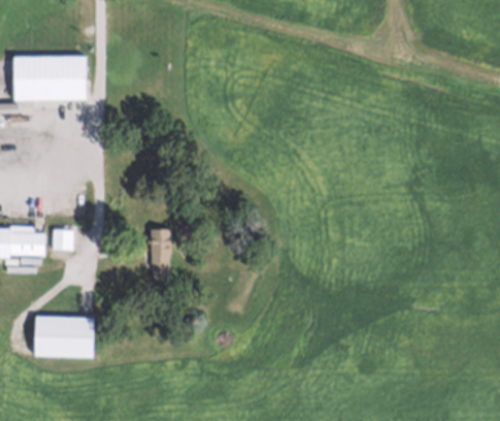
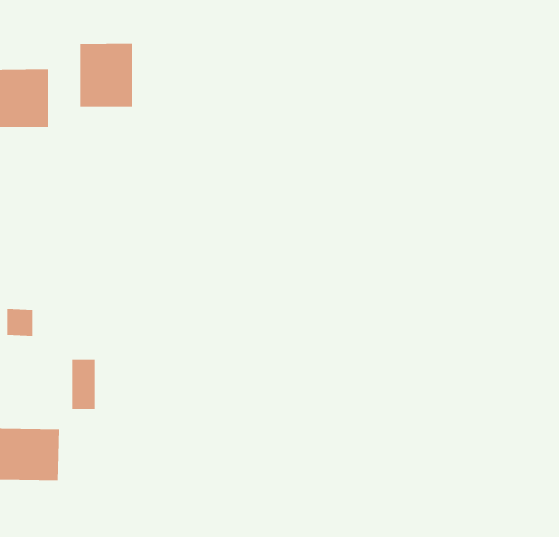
building: none -> [80,43,133,108]
building: [153,229,170,266] -> [72,359,95,410]

